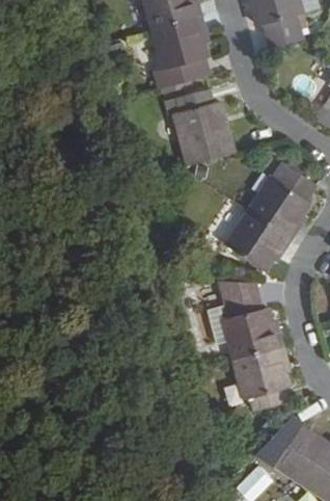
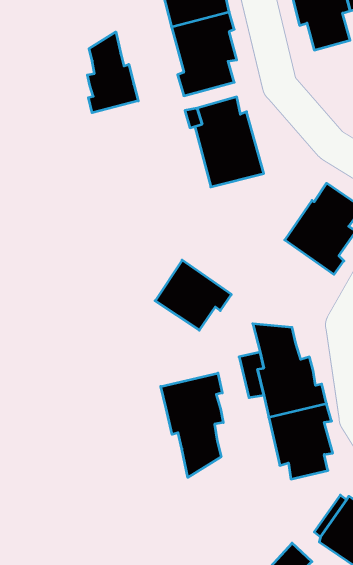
building: none -> [87,32,138,113]
building: [224,209,288,268] -> [155,260,231,330]
building: none -> [161,373,223,477]

